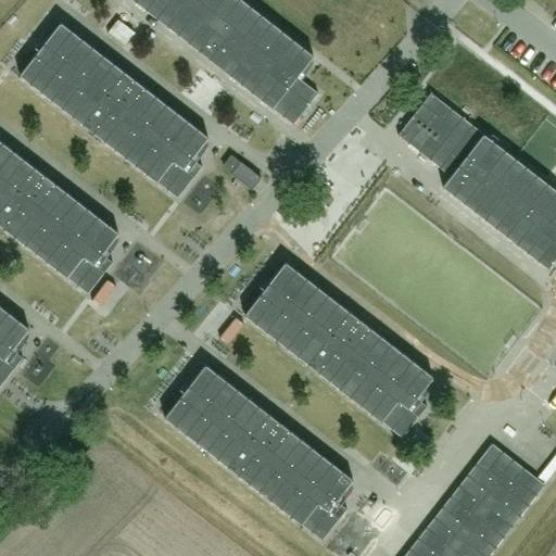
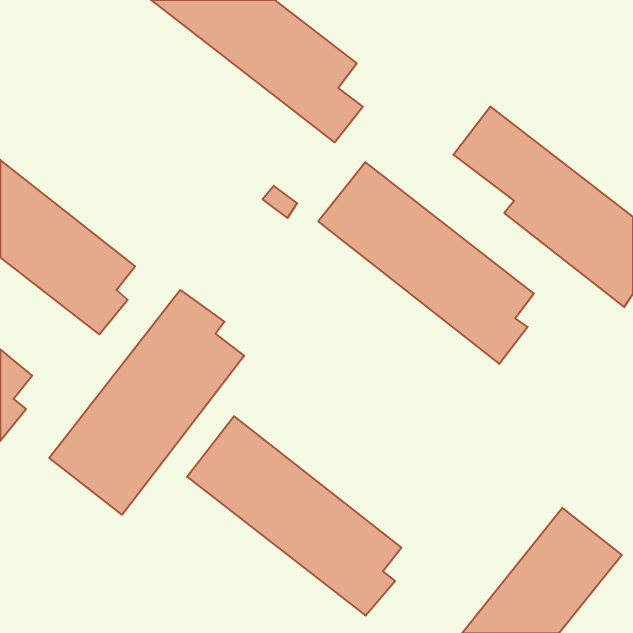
building: [18,23,207,199] -> none
building: none -> [49,290,244,515]
building: [243,262,432,439] -> [318,162,534,364]

